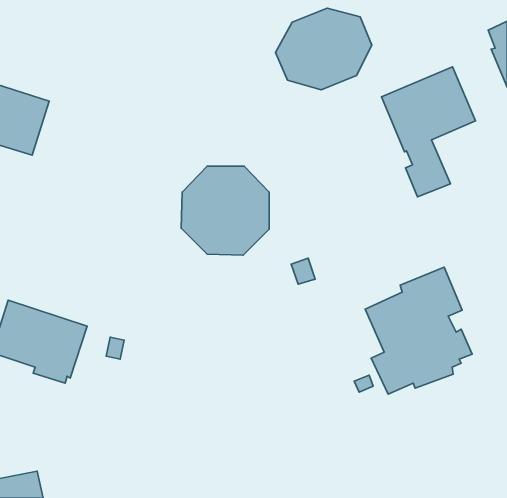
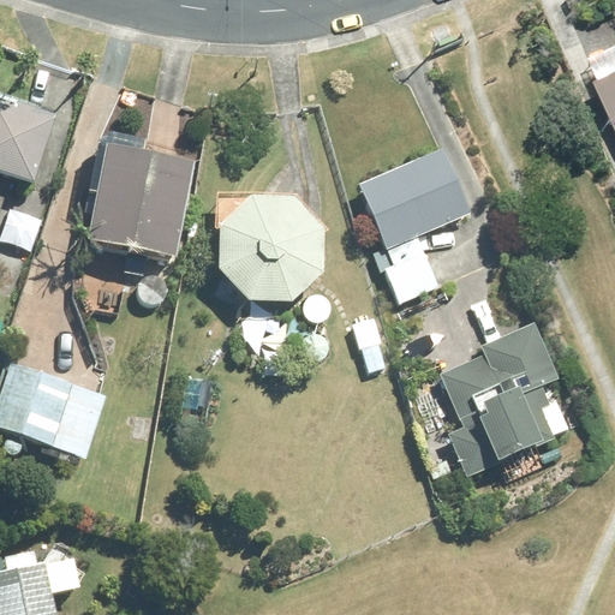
building: [275,8,372,90] -> none
building: [381,67,475,197] -> [356,138,468,294]
building: none -> [84,149,193,268]

